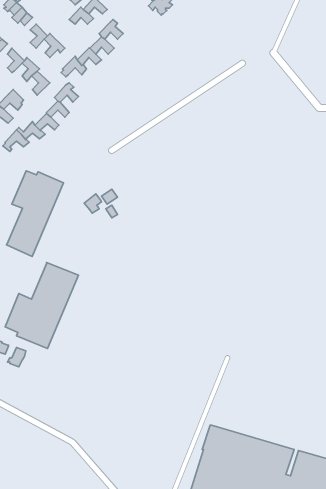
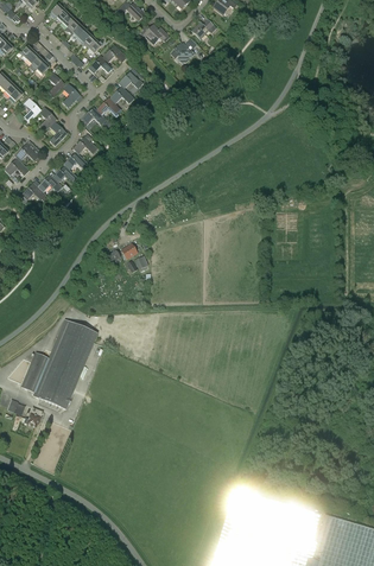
building: [7,171,63,257] -> none

